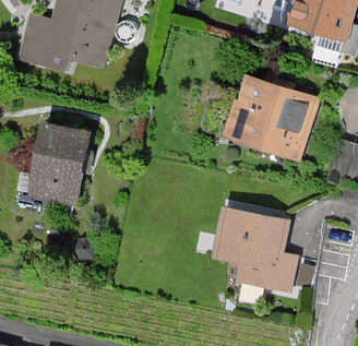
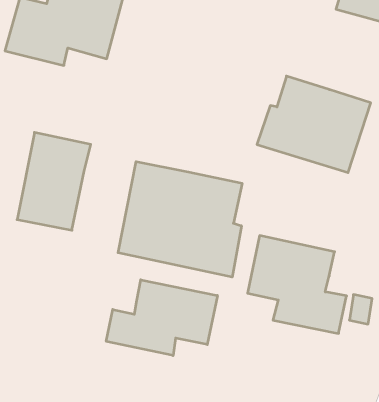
building: none -> [118,162,242,277]
building: none -> [106,280,217,356]

